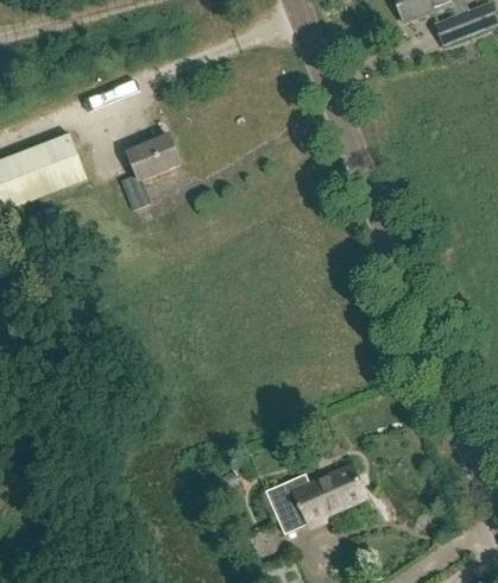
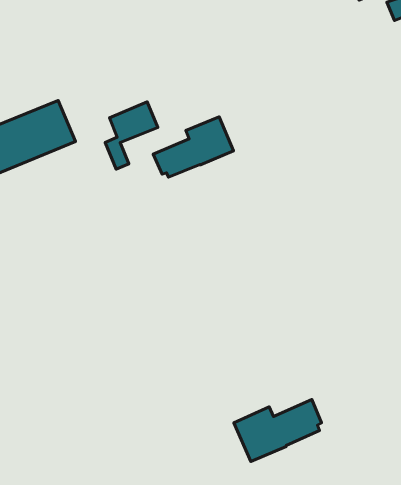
building: none -> [153,117,233,177]

